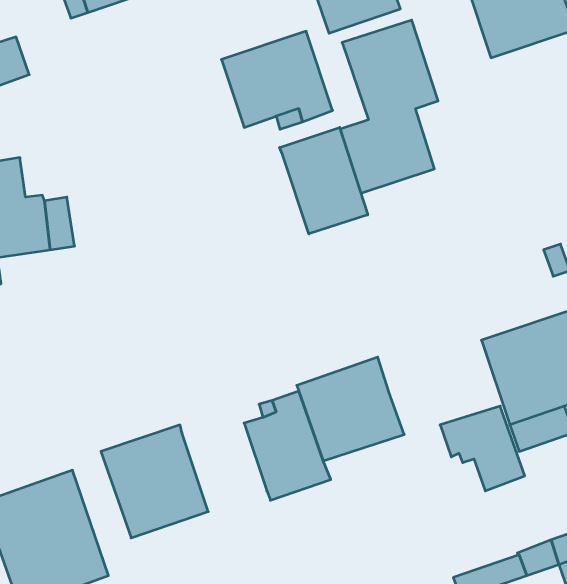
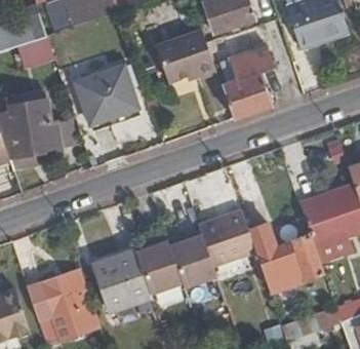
building: none -> [74,66,136,123]
building: [280,127,368,234] -> none
building: none -> [248,222,301,292]
building: none -> [135,233,182,293]

